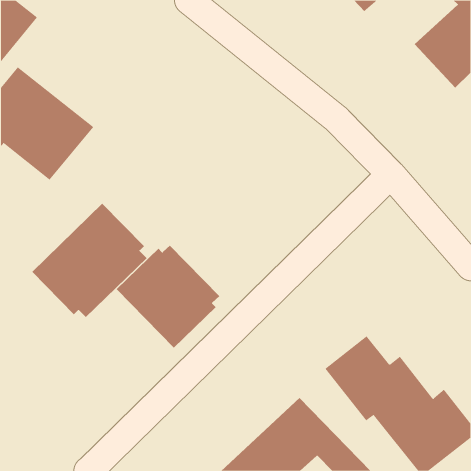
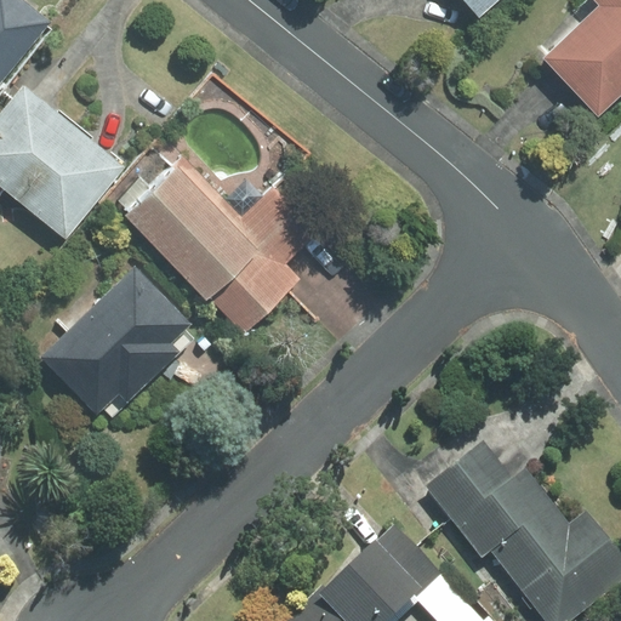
building: none -> [126,159,317,331]
building: [116,245,220,349] -> none

